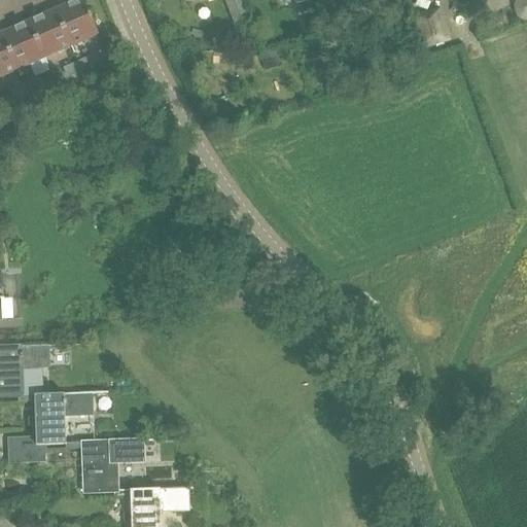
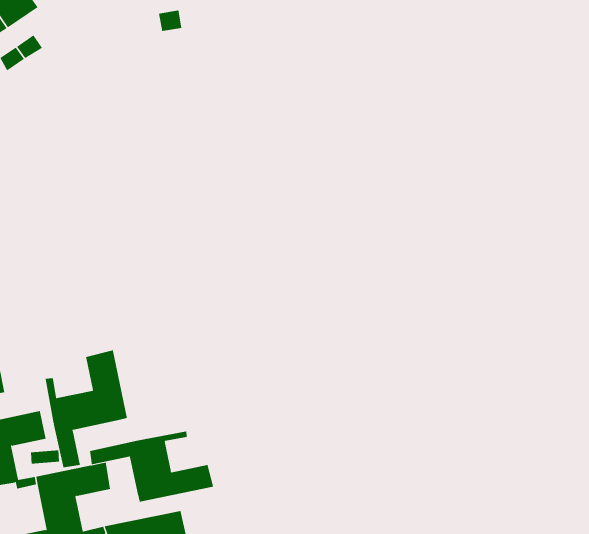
building: none -> [45,350,127,468]
building: none -> [89,431,214,503]

